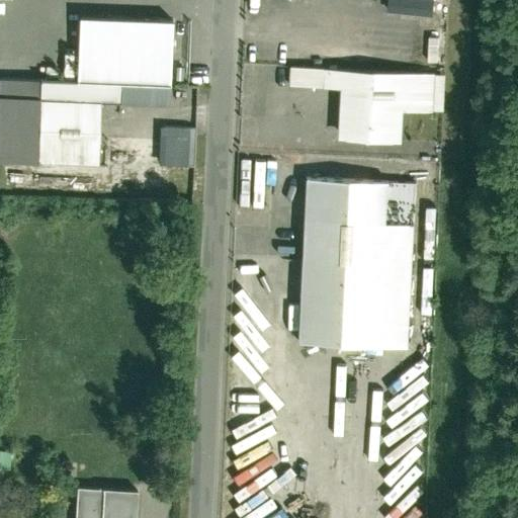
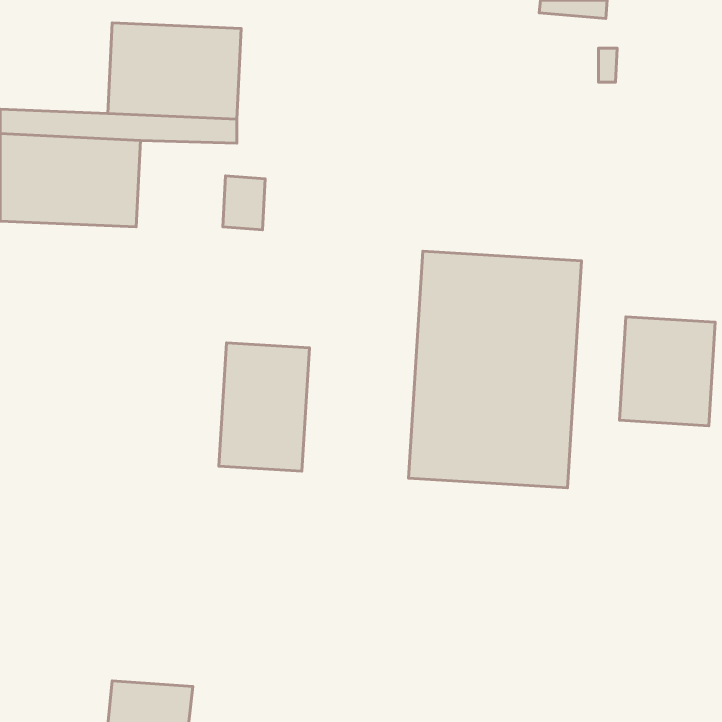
building: [287,70,447,145] -> none
building: none -> [620,317,715,426]
building: none -> [219,343,310,471]

